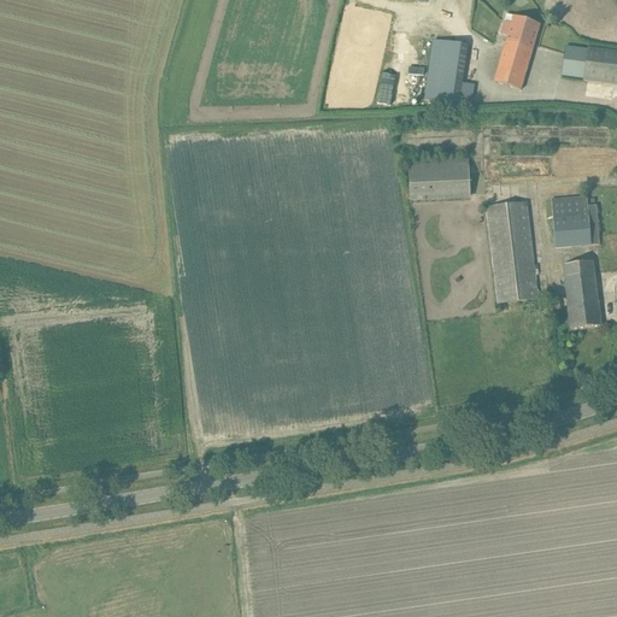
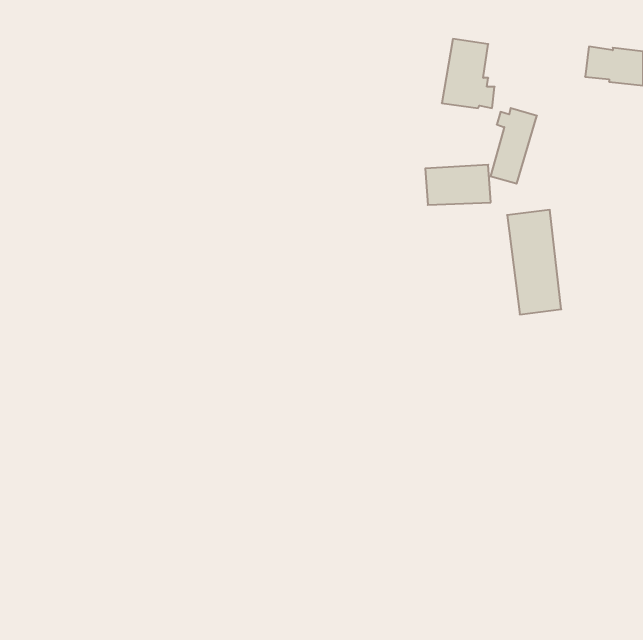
building: [494,16,539,88] -> [490,108,537,184]
building: [551,194,599,246] -> none
building: [563,259,600,328] -> none

